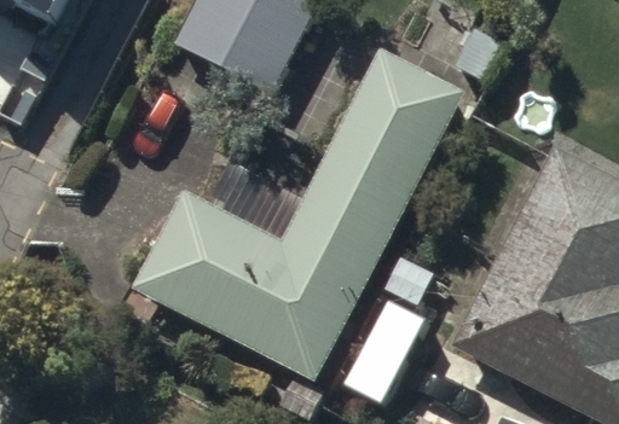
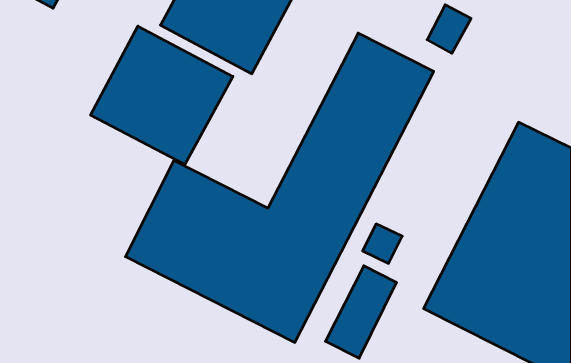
building: none -> [91,26,233,164]

